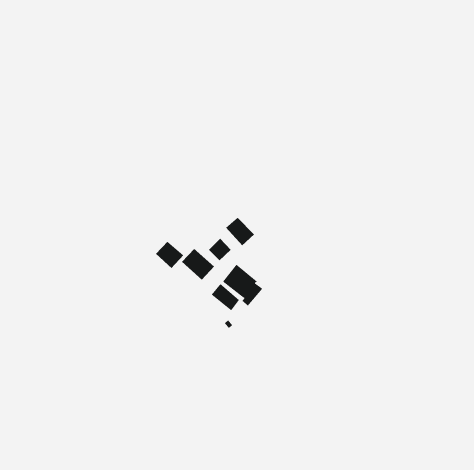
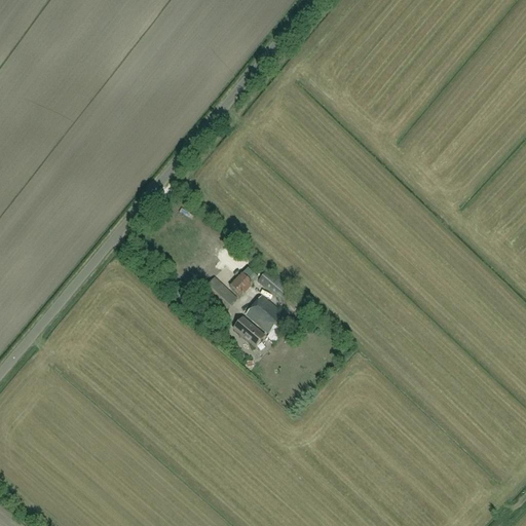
building: [225,217,255,246] -> none
building: [155,241,184,269] -> none

